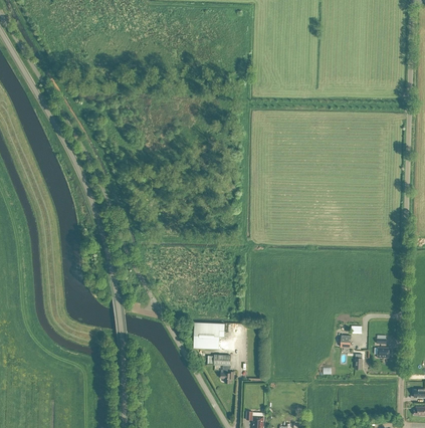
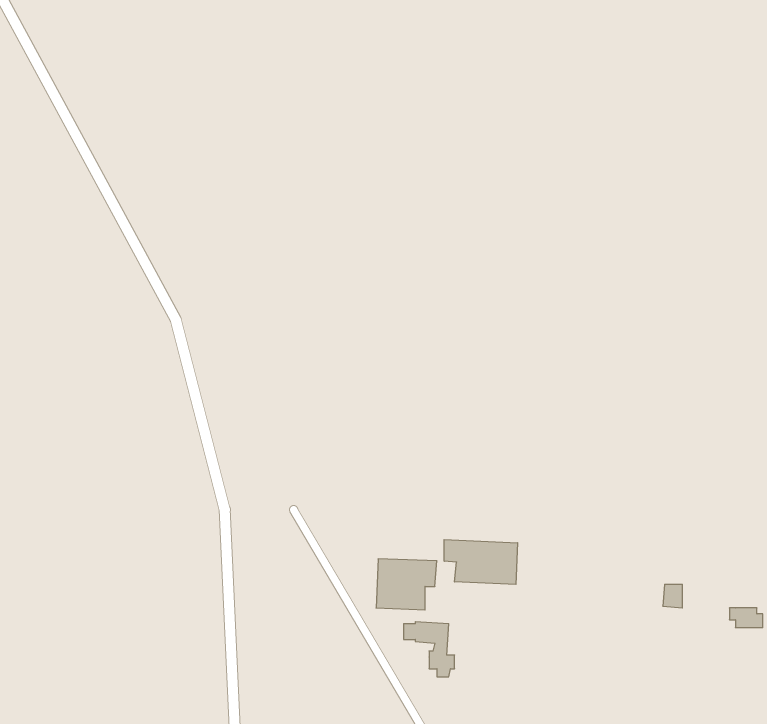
building: none -> [444,540,518,584]

